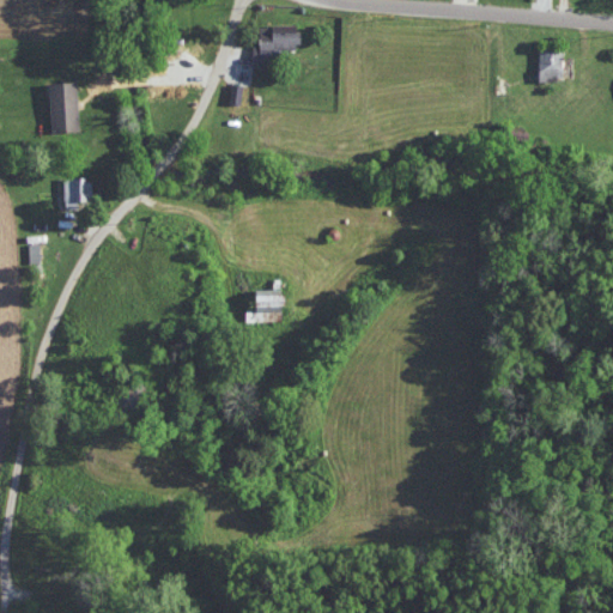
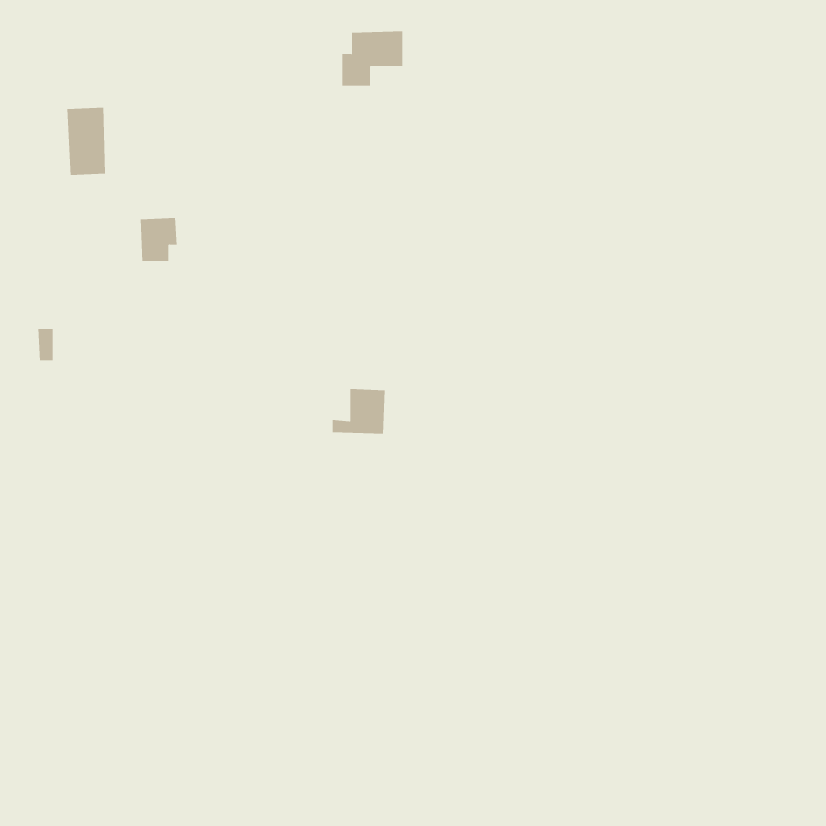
building: [538,50,563,83] -> none
building: [63,177,91,210] -> [140,217,177,261]

